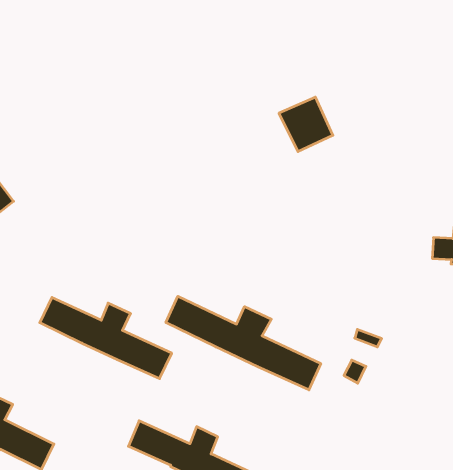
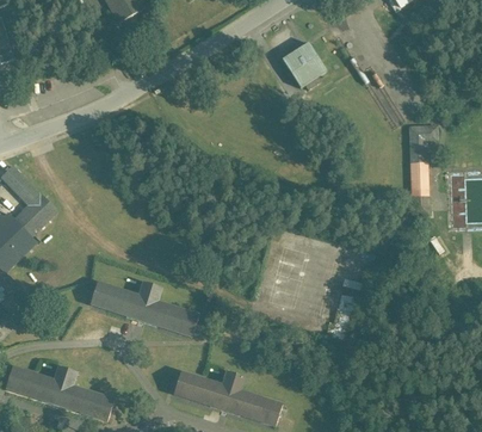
building: [279,97,333,152] -> [280,42,326,87]
building: [166,296,321,390] -> none

